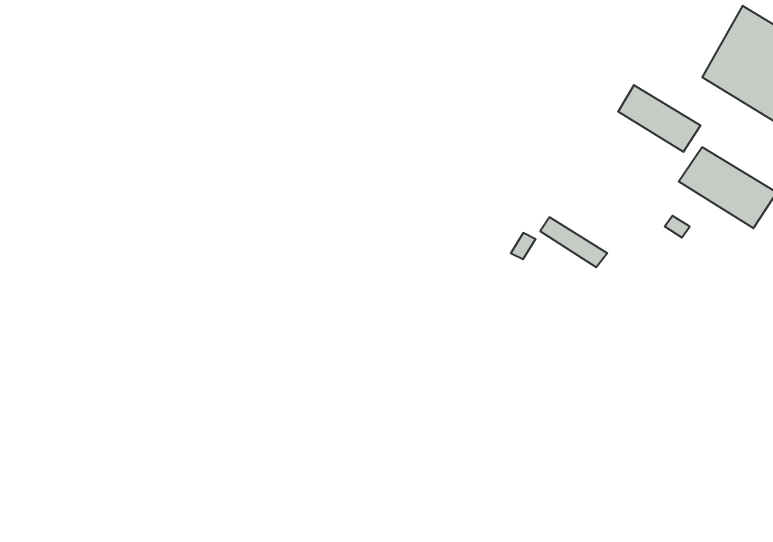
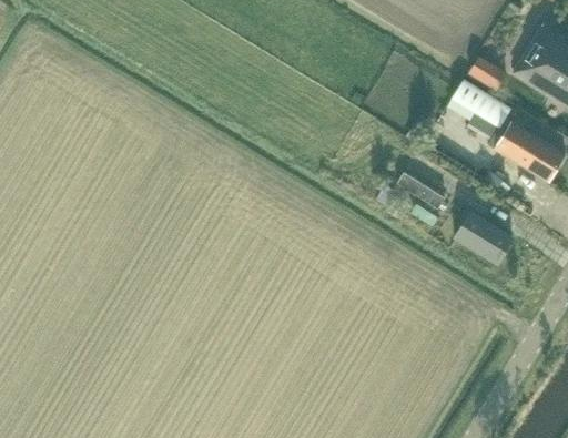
building: none -> [468,59,504,92]
building: none -> [455,212,513,265]

